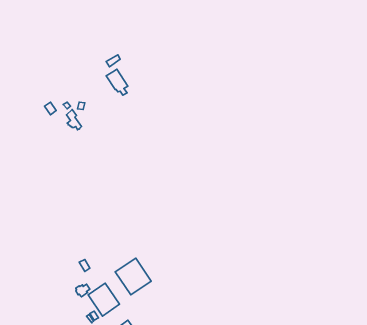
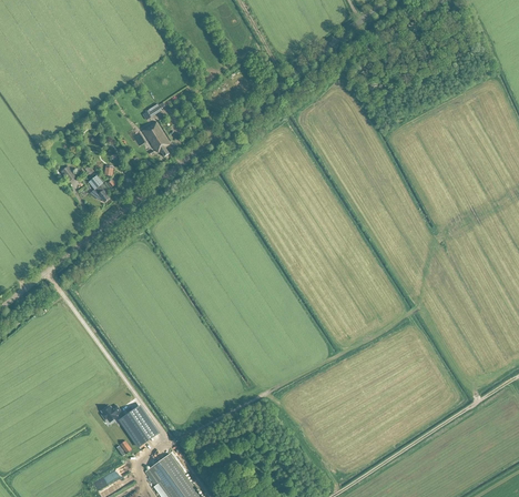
building: [115,258,151,295] -> none

